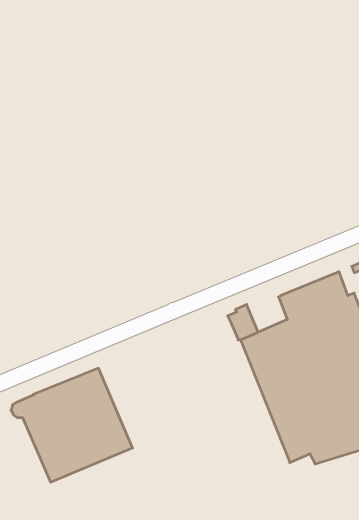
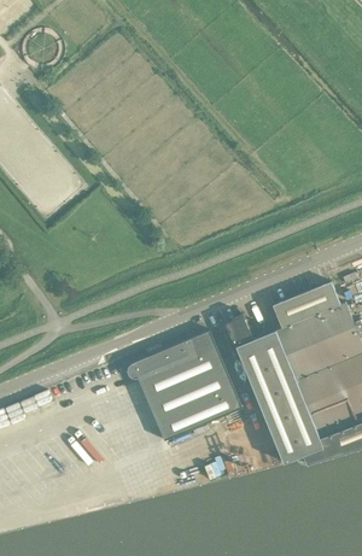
building: [11,368,133,482] -> [125,330,241,439]

